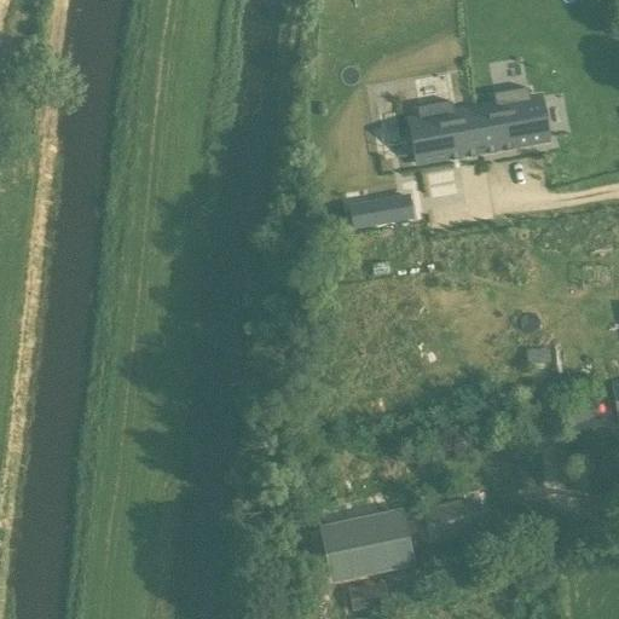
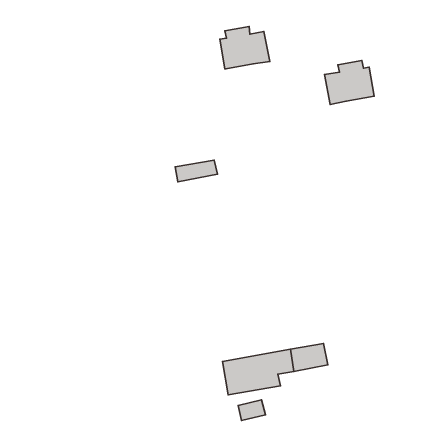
building: [409,102,481,163] -> [220,27,270,69]
building: [349,197,411,228] -> [175,160,218,182]

